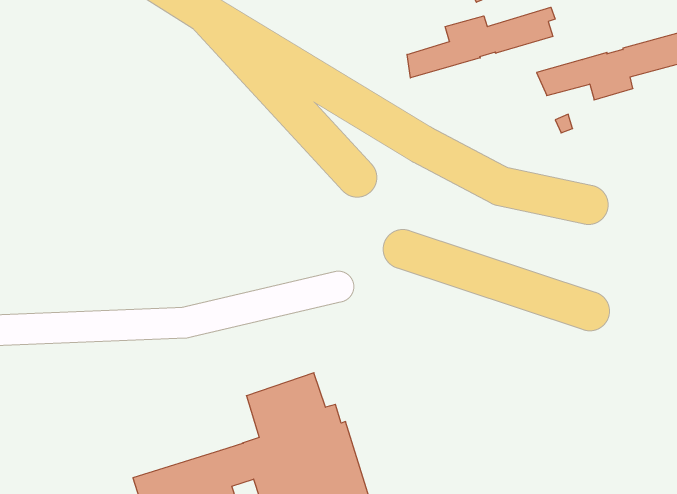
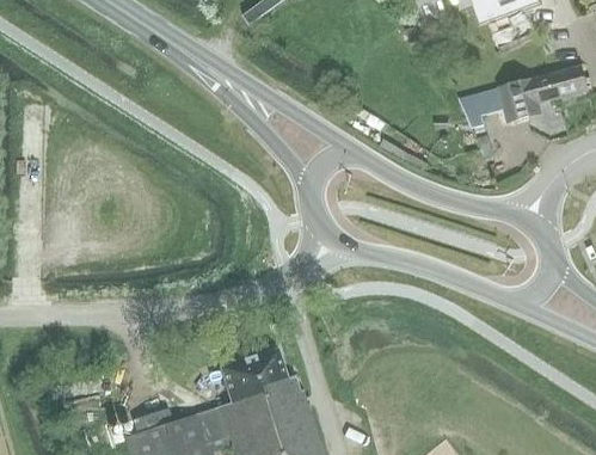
building: [407,7,555,78] -> none

